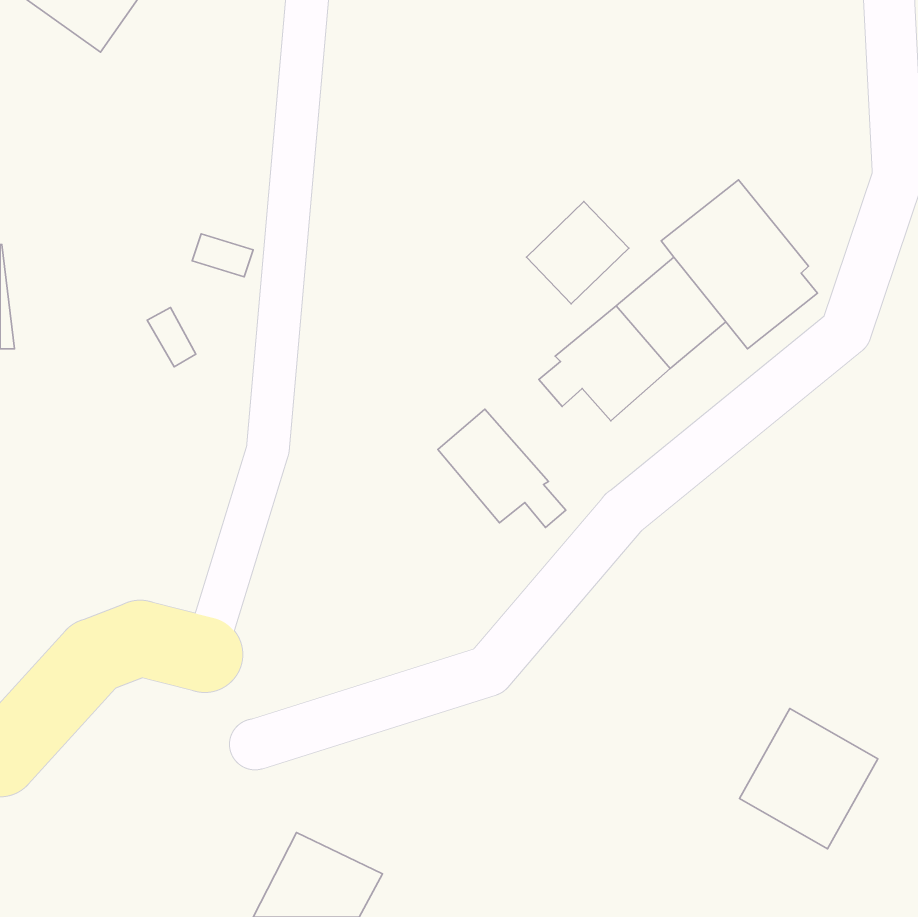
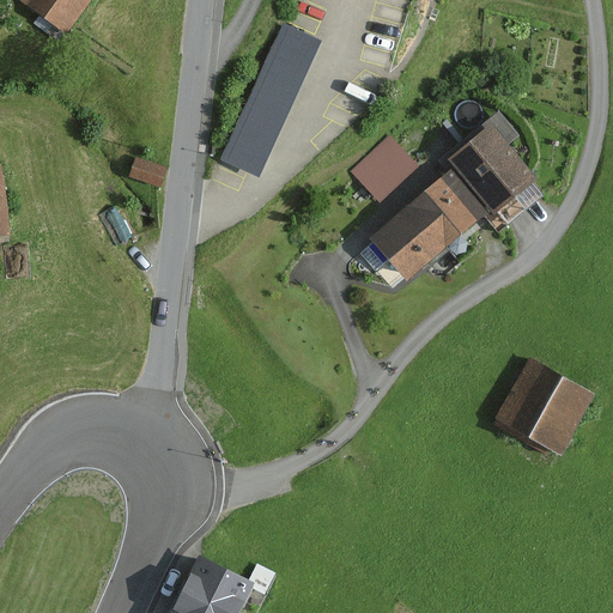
building: none -> [220,23,322,176]
building: [438,409,566,527] -> none
building: [740,709,878,849] -> [492,366,584,460]

